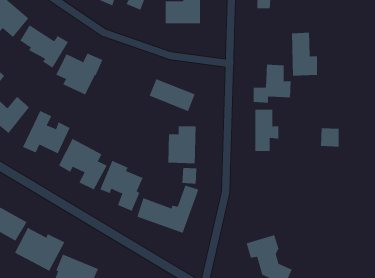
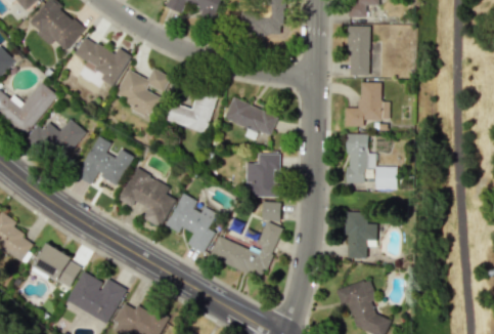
building: [291,32,318,76] -> [348,25,378,76]
building: none -> [166,90,216,131]
building: [320,128,339,147] -> [374,166,397,189]
building: none -> [346,211,376,257]

